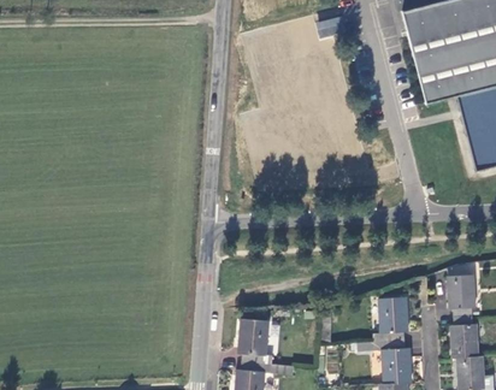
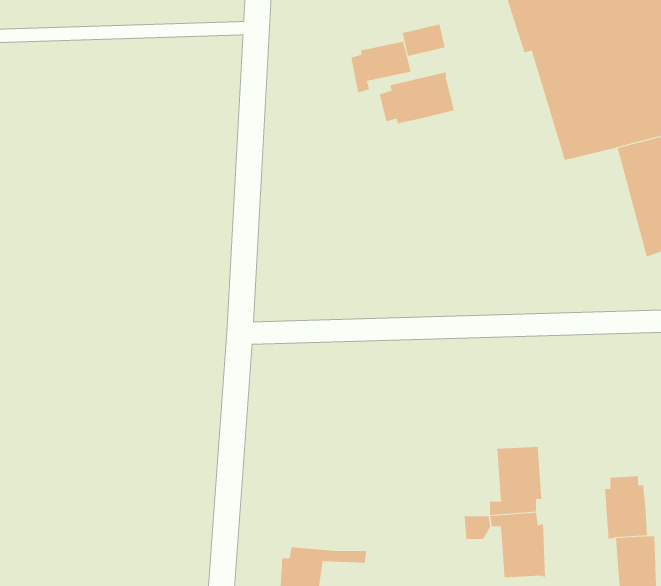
building: none -> [351,41,411,93]
building: none -> [379,71,455,124]
building: [448,273,477,317] -> none
building: [238,318,273,365] -> none

